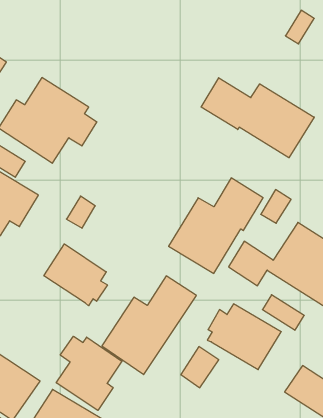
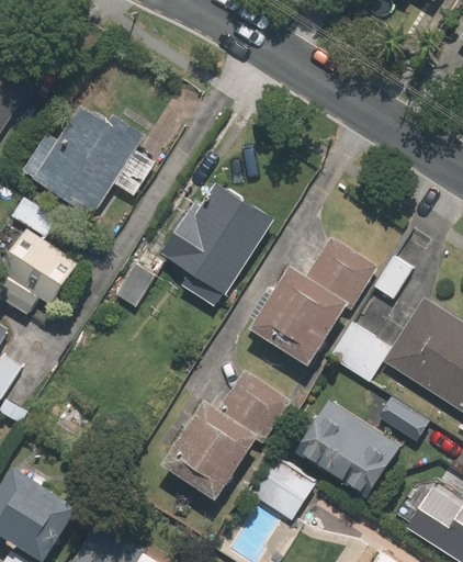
building: [201,78,314,158] -> none
building: none -> [159,180,274,307]
building: [44,244,107,306] -> none
building: [56,336,122,410] -> none

